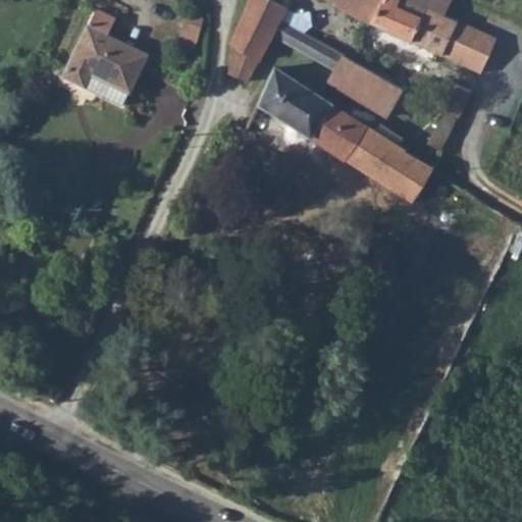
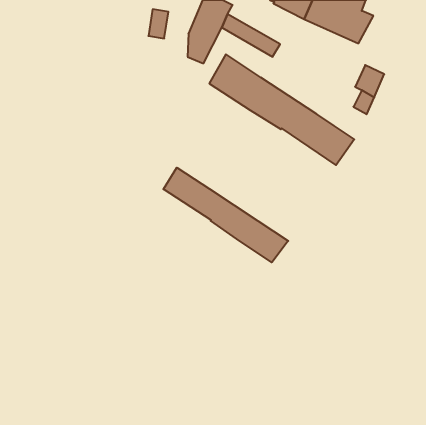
building: [438,20,494,73] -> none
building: [67,22,150,89] -> none
building: [326,55,401,116] -> none
building: none -> [163,168,288,262]

